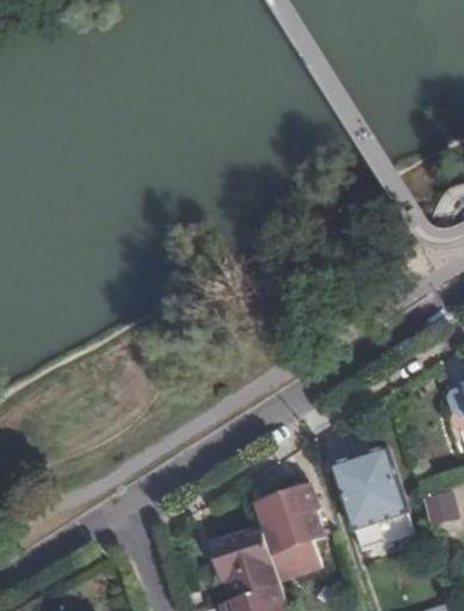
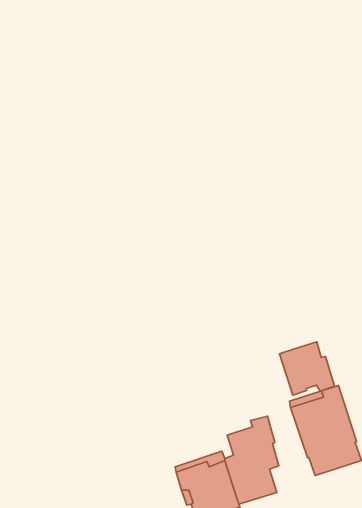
building: none -> [280,342,334,395]

